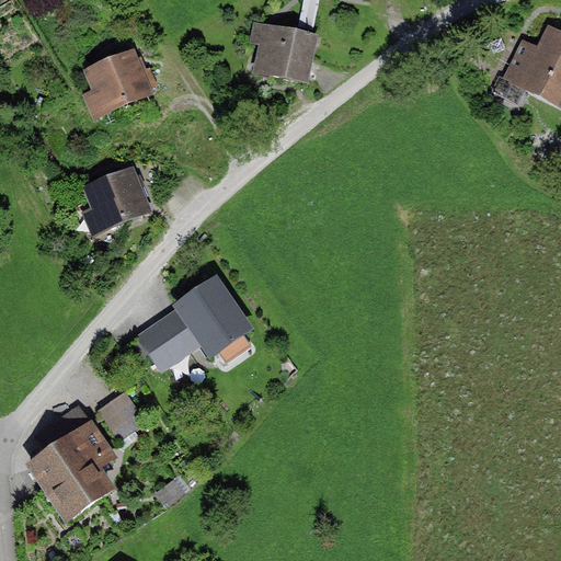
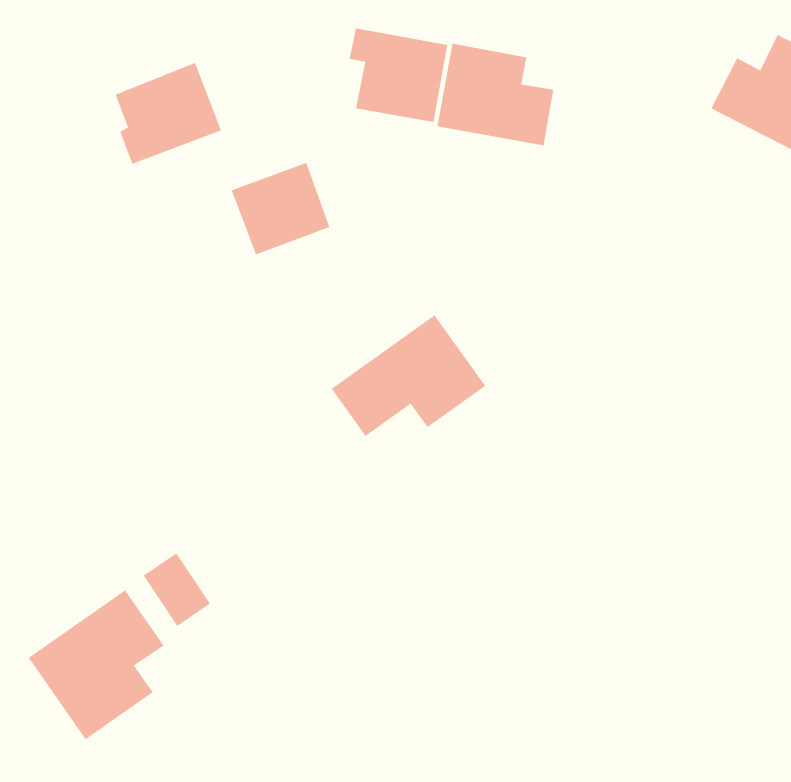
building: none -> [437,43,554,146]
building: [81,165,151,231] -> [231,162,330,255]
building: [141,279,251,366] -> [331,314,486,437]

